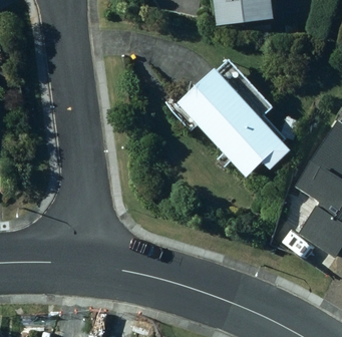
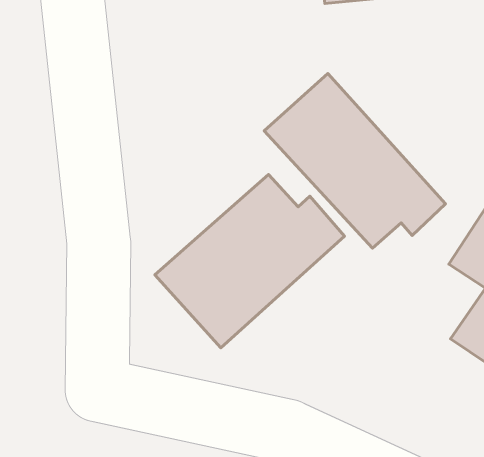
building: none -> [155,174,345,348]

